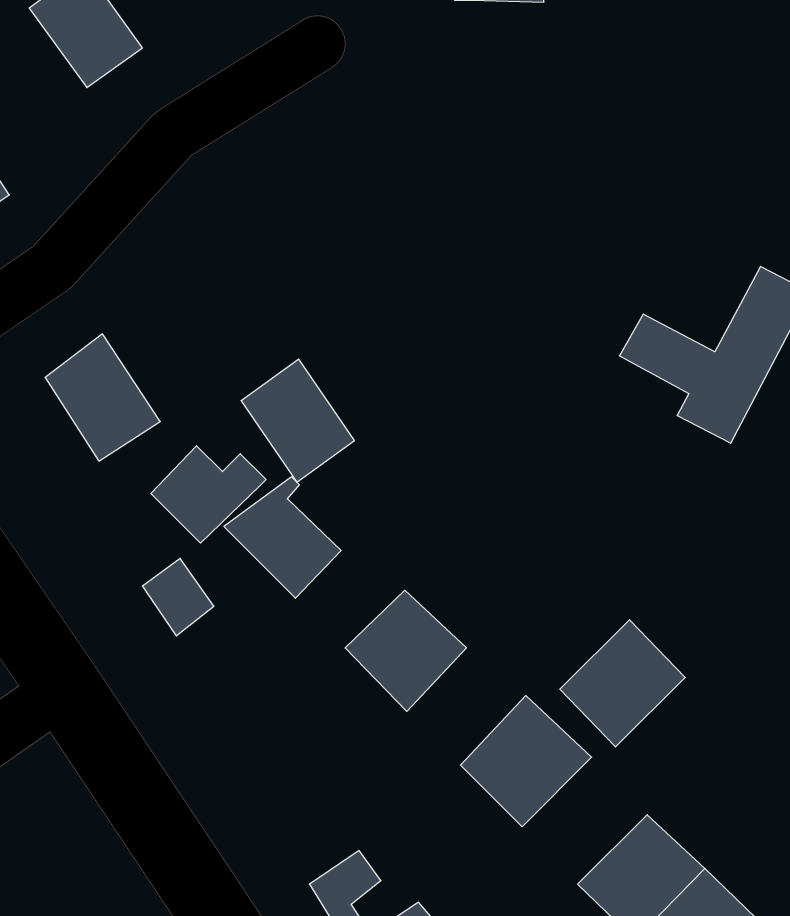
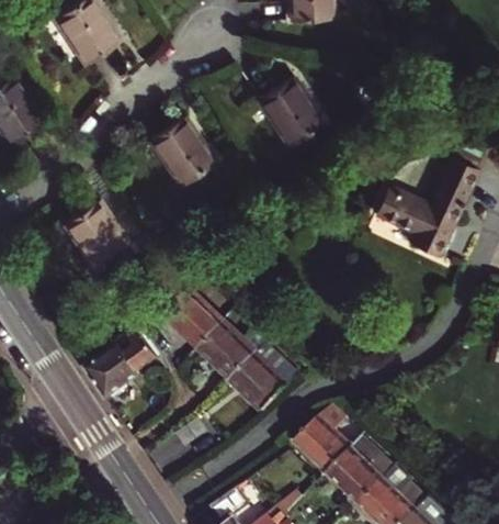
building: none -> [264,77,327,143]
building: [241,359,354,482] -> [159,119,222,187]
building: [151,446,266,543] -> [200,321,263,375]
building: none -> [83,341,137,395]
building: [560,620,685,747] -> [325,435,394,505]

